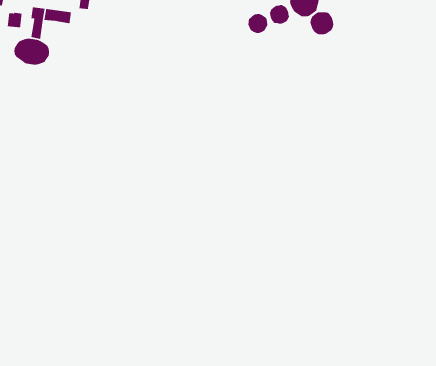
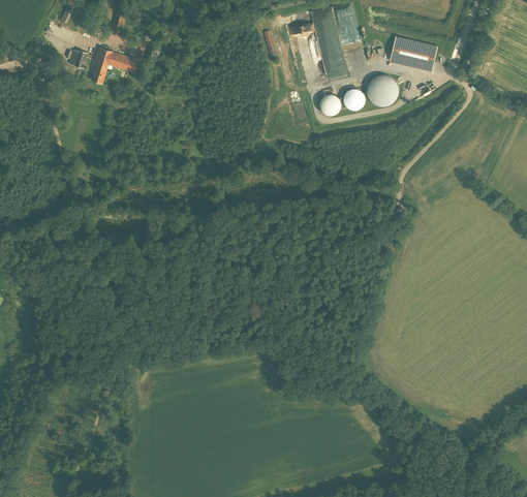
building: [309,12,334,35] -> none
building: [14,38,50,65] -> none

